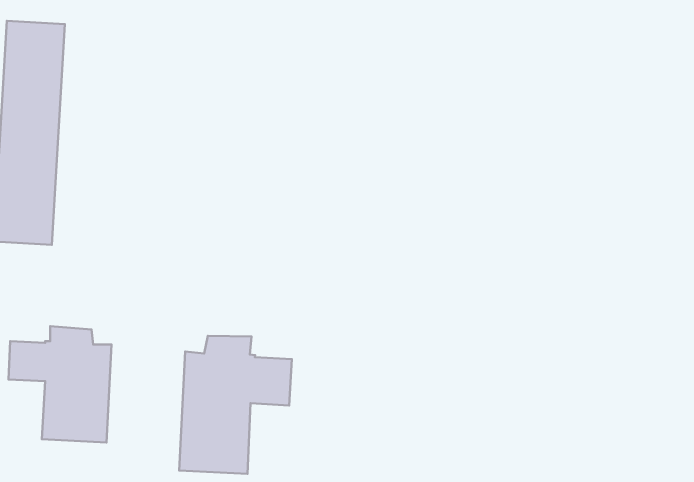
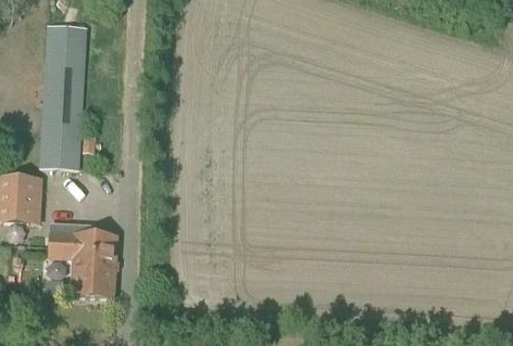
building: [179,336,292,474] -> none

